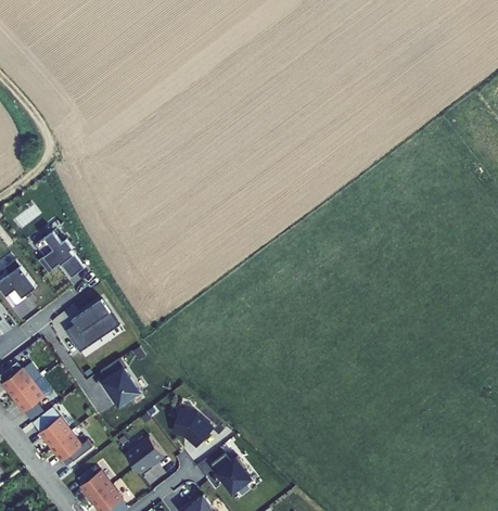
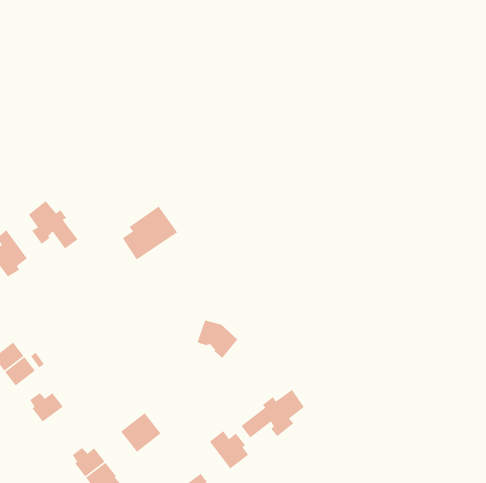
building: [65,298,119,352] -> [122,205,178,260]
building: [100,357,139,405] -> none
building: [171,409,212,447] -> [197,319,238,359]
building: none -> [240,389,305,438]
building: [50,431,81,461] -> none

